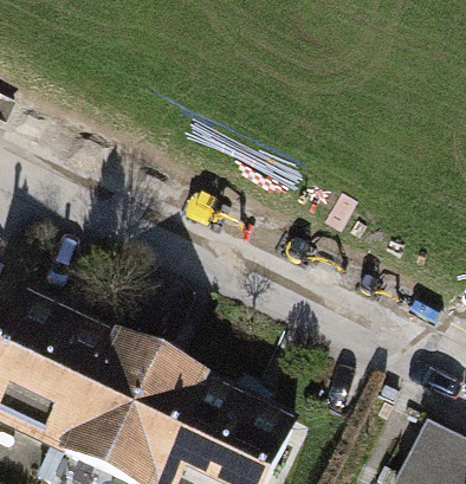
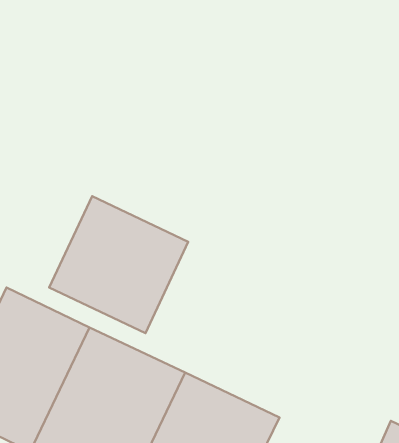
building: none -> [49,196,188,333]

